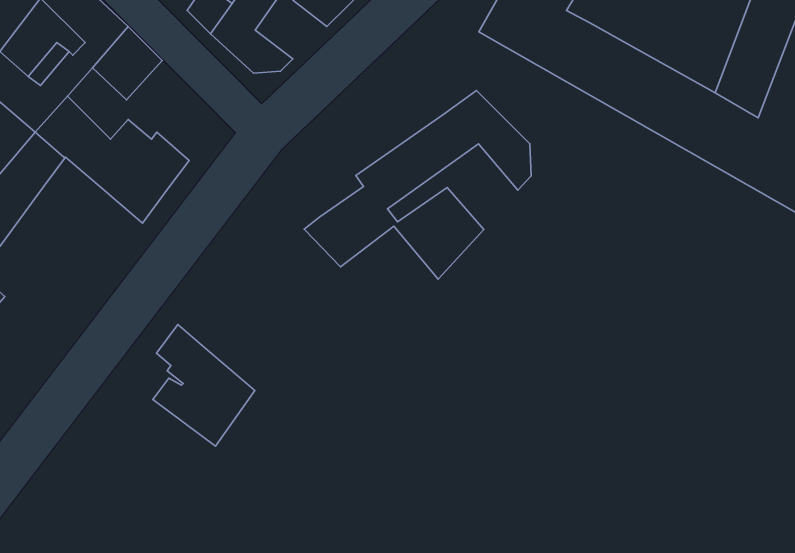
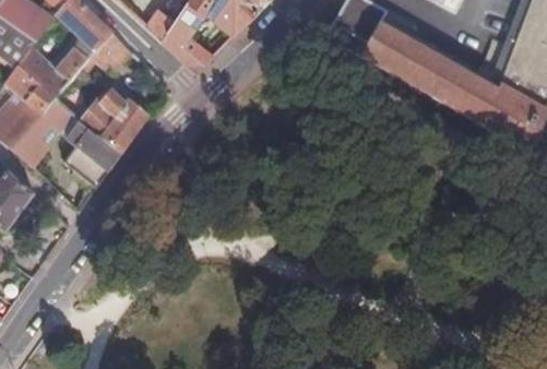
building: [304,90,531,279] -> none
building: [153,324,255,446] -> [59,114,121,188]

